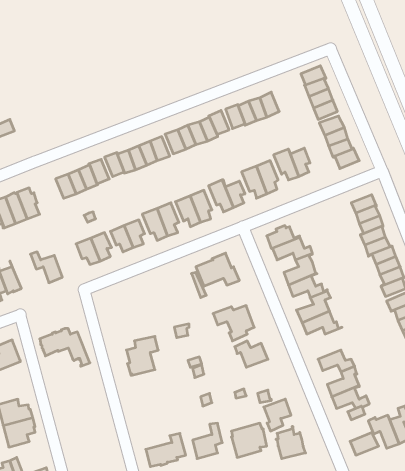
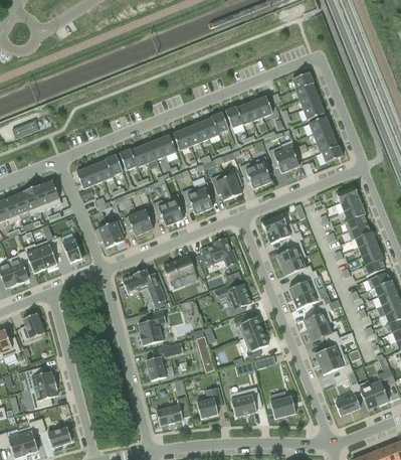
building: none -> [35,238,58,268]
building: none -> [163,255,197,283]
building: none -> [303,302,332,330]
building: [40,329,90,366] -> [122,269,166,302]
building: none -> [146,343,183,379]
building: [264,399,291,431] -> [243,330,267,358]

